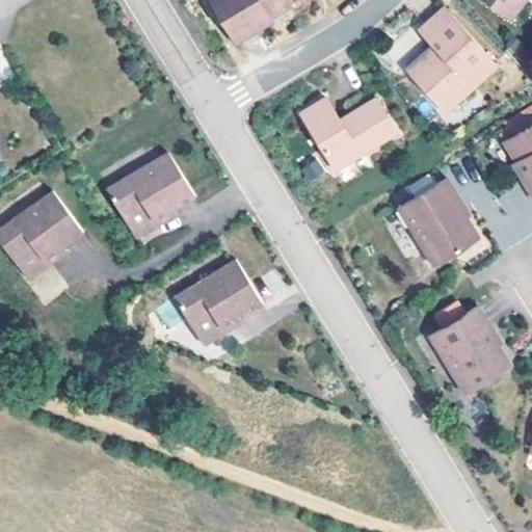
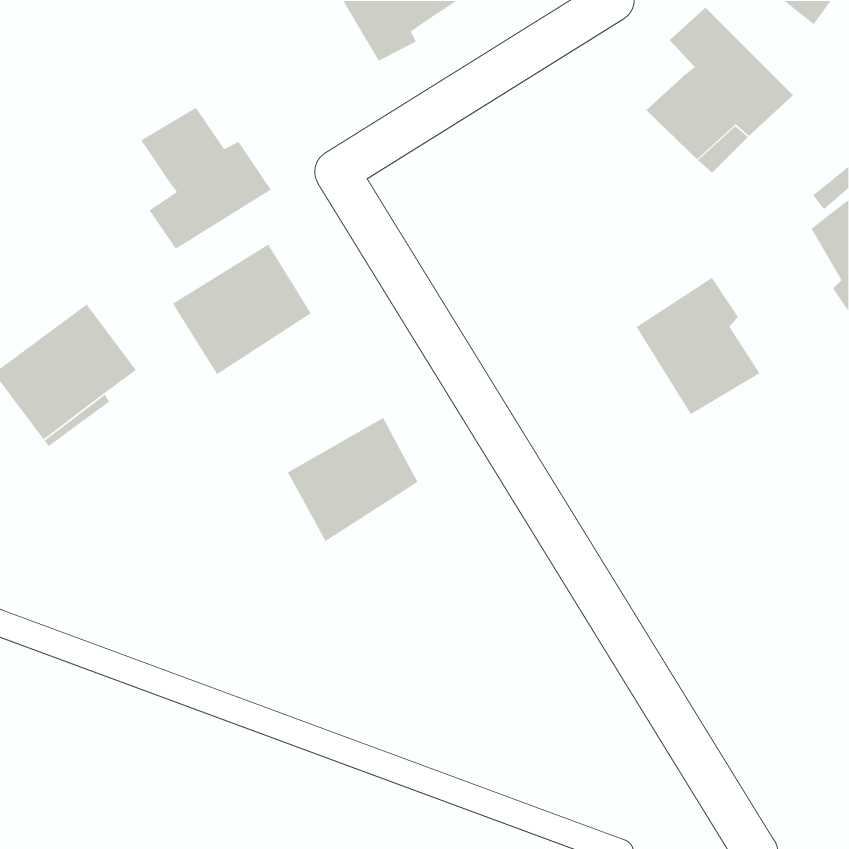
building: none -> [140,107,272,250]
building: [299,96,396,174] -> none
building: [427,304,505,392] -> none

